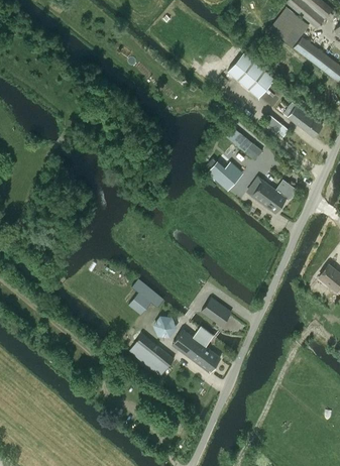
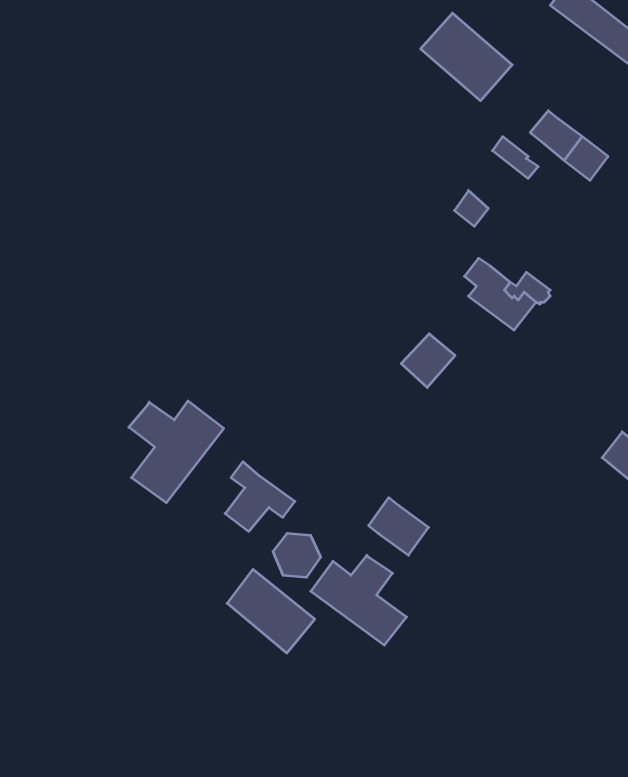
building: [214,163,241,191] -> [401,334,455,388]
building: none -> [129,401,224,503]

